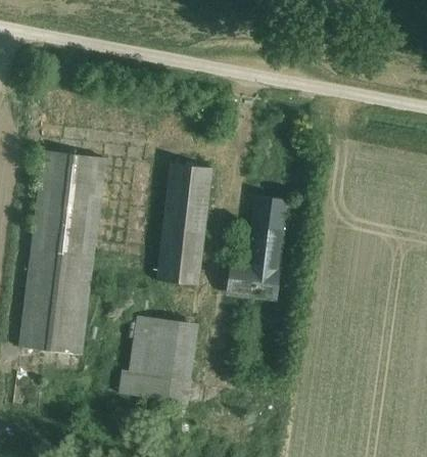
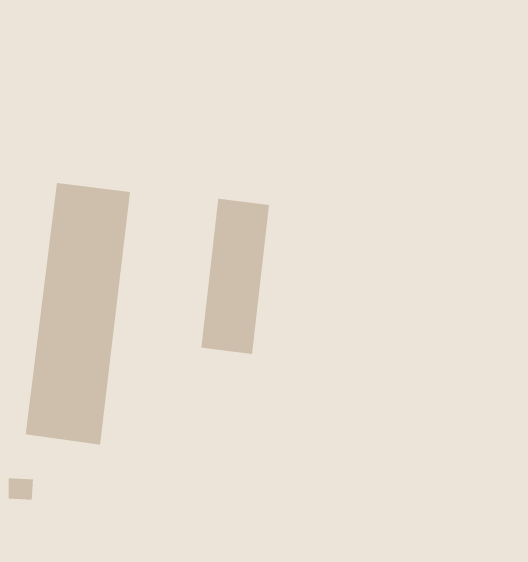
building: [226,196,285,302] -> none
building: [117,315,197,403] -> none

